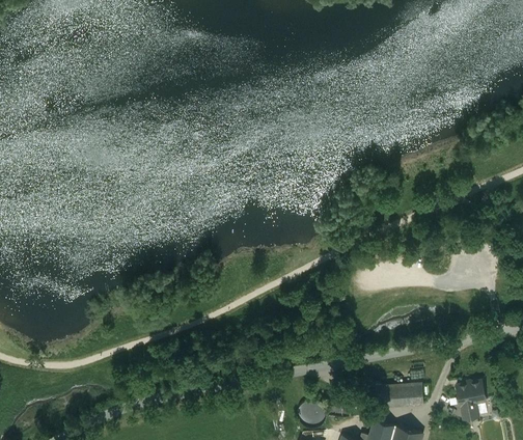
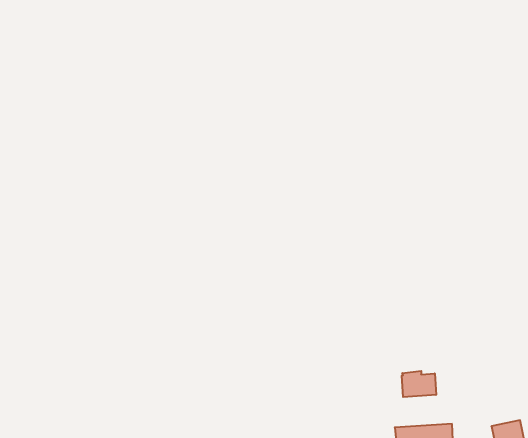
building: none -> [402,371,436,397]

